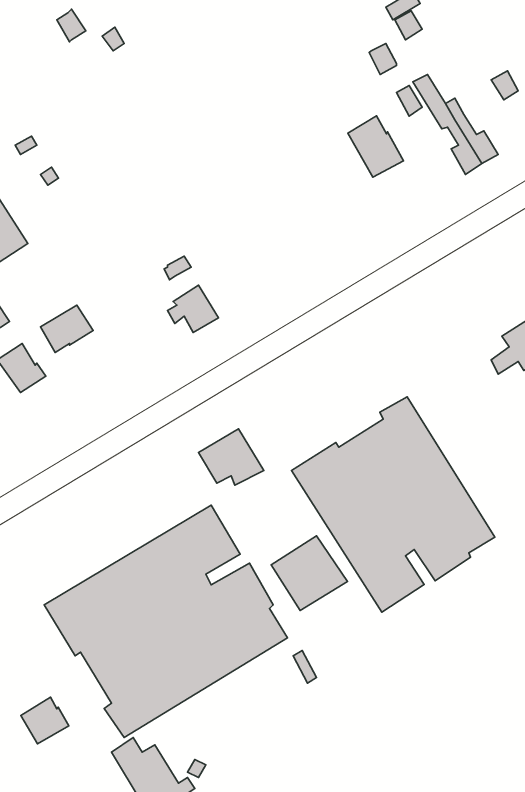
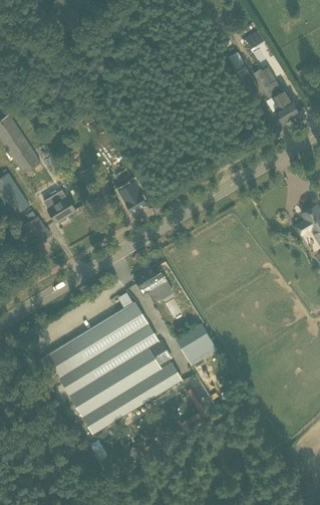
building: [348,116,404,177] -> none
building: [291,397,495,612] -> none
building: [21,697,69,744] -> none

